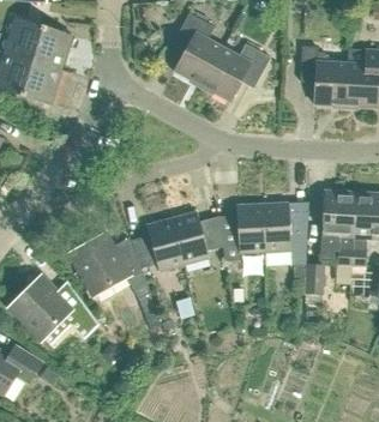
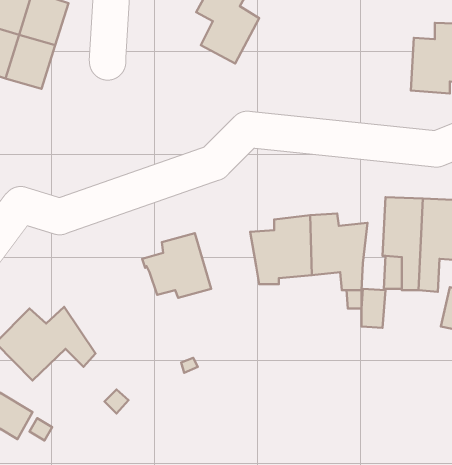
building: [204,44,270,98] -> none
building: [300,46,347,104] -> none
building: [172,211,221,263] -> none
building: [73,234,150,296] -> none

